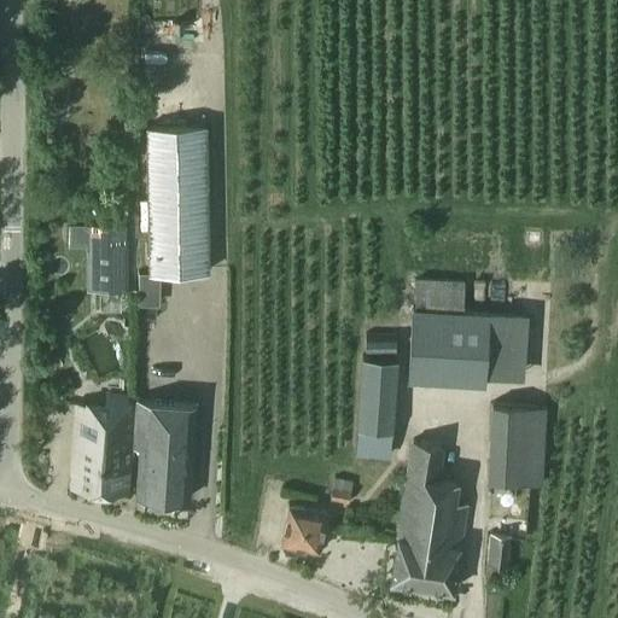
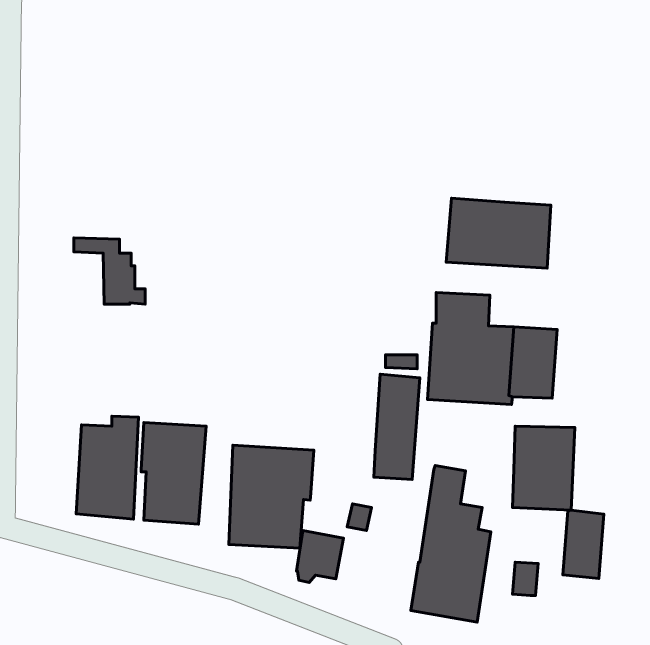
building: [145,129,209,278] -> none
building: none -> [446,198,551,268]
building: none -> [229,445,314,548]
building: none -> [563,510,604,578]

